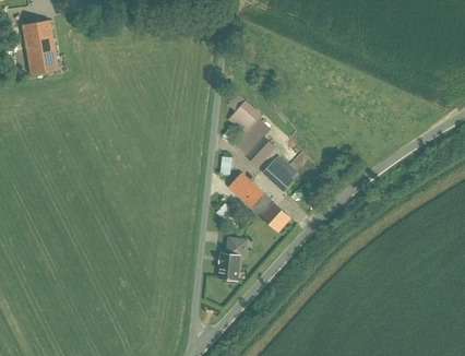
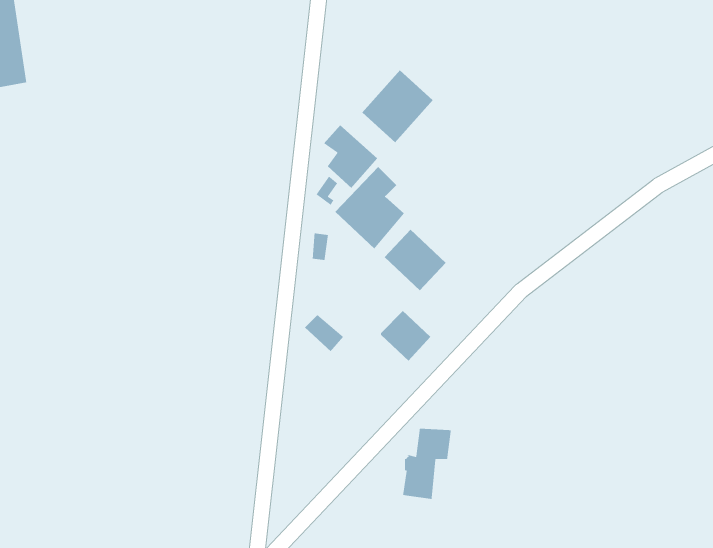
building: none -> [361,70,434,143]
building: [229,173,274,215] -> none
building: [219,238,248,280] -> [402,428,452,500]

